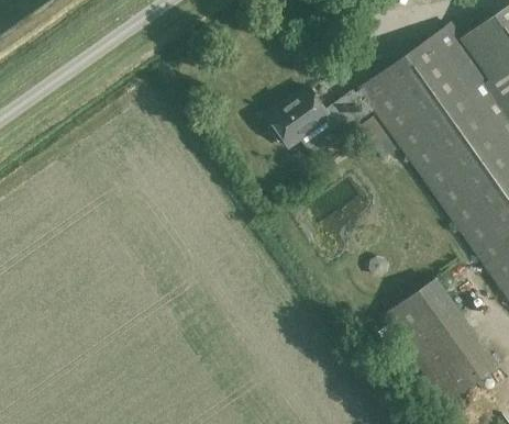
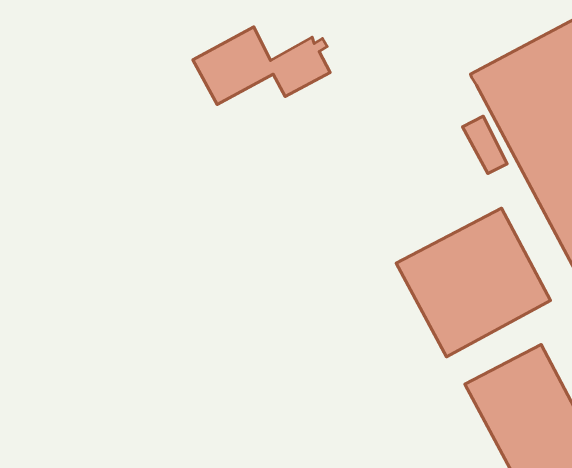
building: [267,87,369,147] -> [193,27,330,105]
building: none -> [396,208,550,357]

